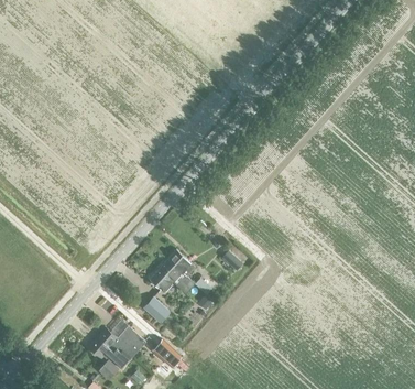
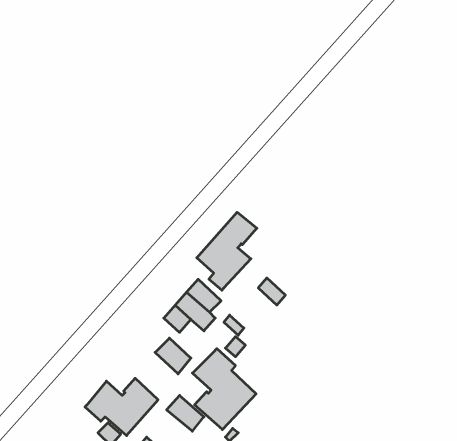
building: none -> [197,212,257,290]
building: none -> [192,349,256,430]

